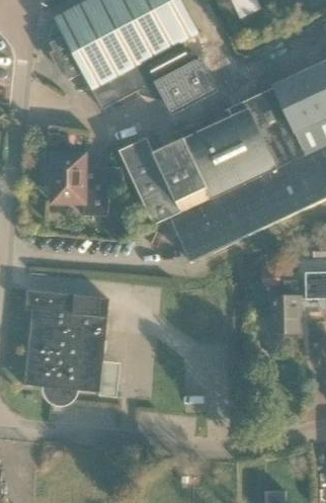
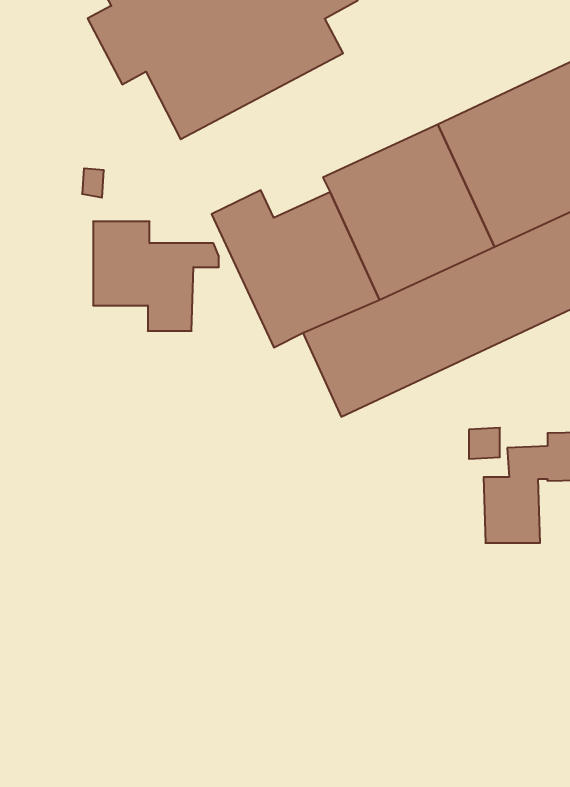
building: [140,60,216,114] -> none
building: [21,286,113,398] -> none

